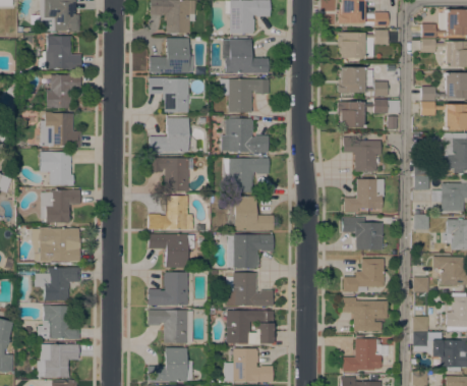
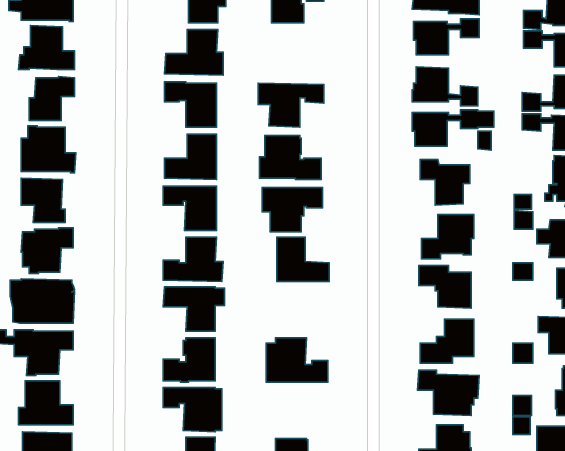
building: [222,39,269,73] -> none
building: [227,234,274,269] -> none
building: [218,311,275,344] -> none

